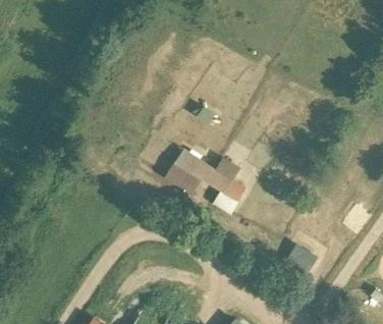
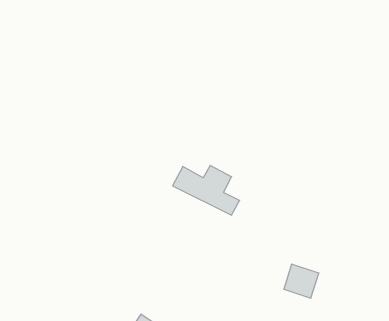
building: [171,152,188,187] -> none

